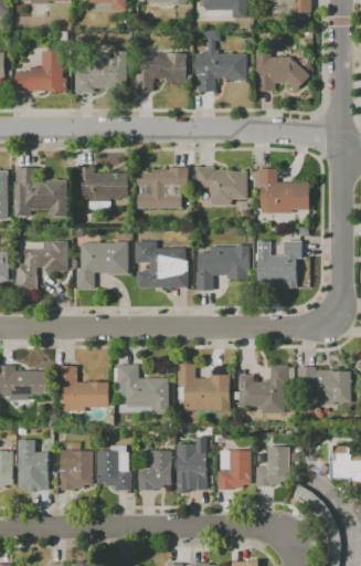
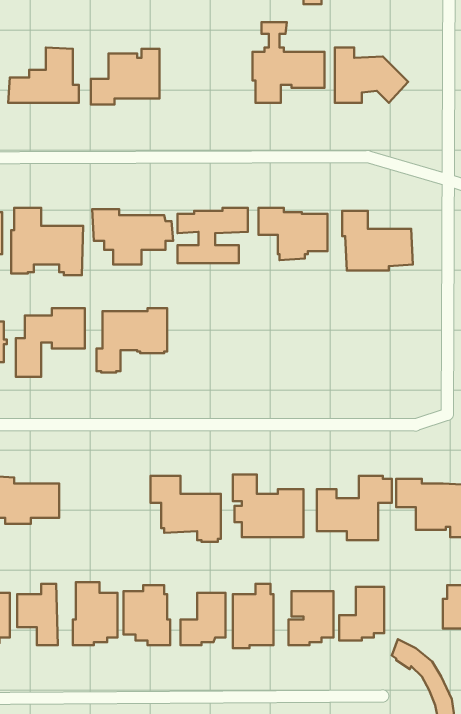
building: [132,51,183,90] -> none
building: [136,241,188,287] -> none
building: [258,241,302,289] -> none
building: [197,245,251,291] -> none
building: [59,366,109,411] -> none

